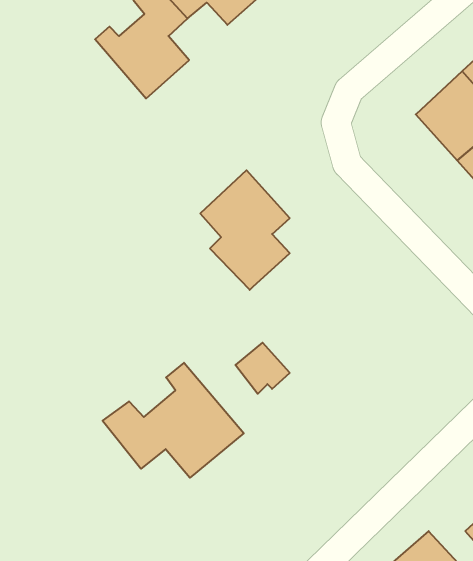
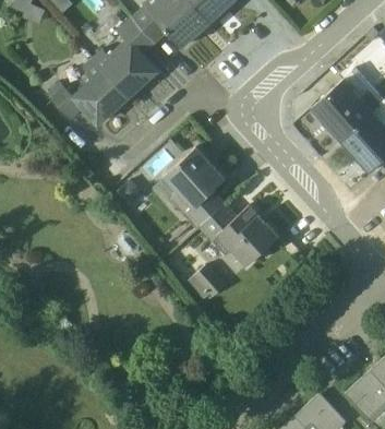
building: none -> [47,57,127,123]
building: none -> [200,203,279,266]
building: [103,363,244,478] -> none

